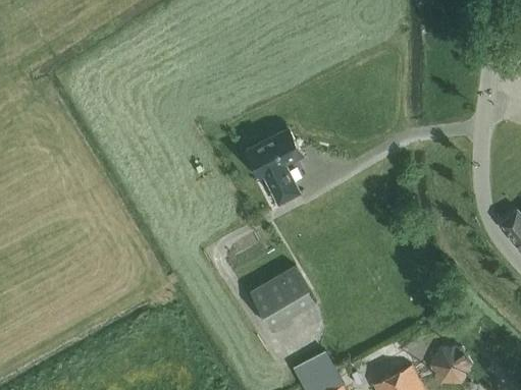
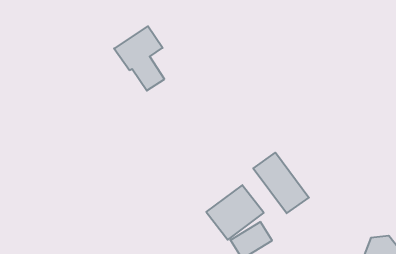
building: [245,129,302,205] -> [114,26,164,91]
building: none -> [253,153,309,213]

